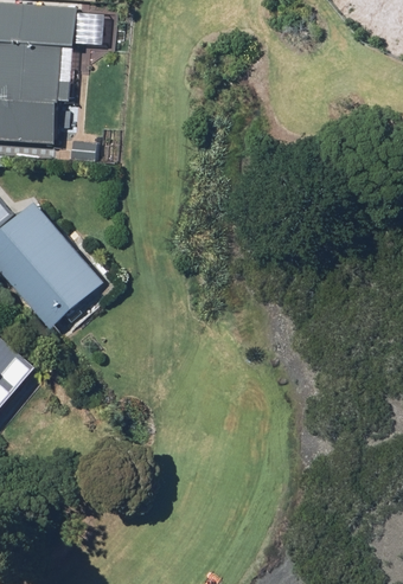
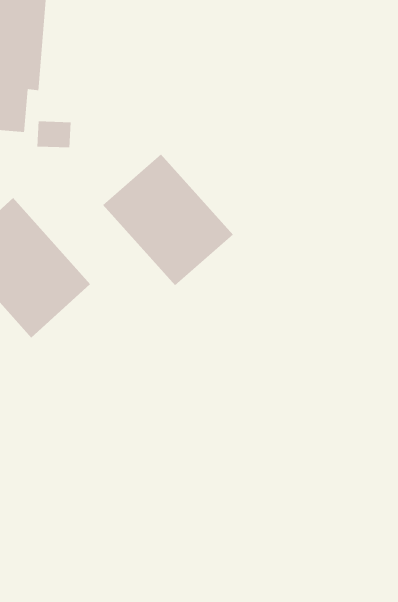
building: none -> [102,153,234,286]

